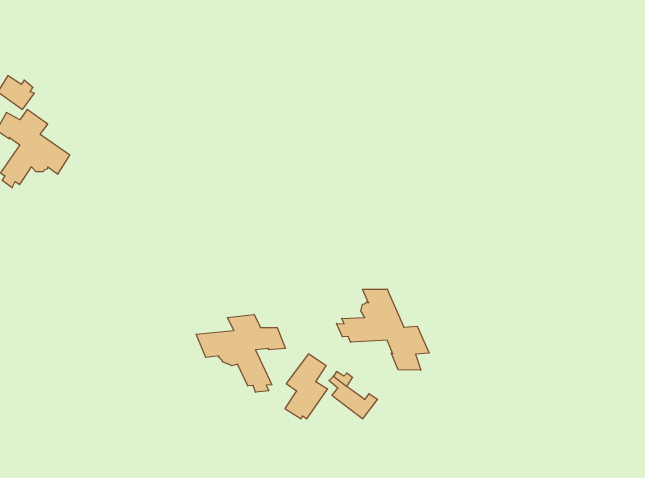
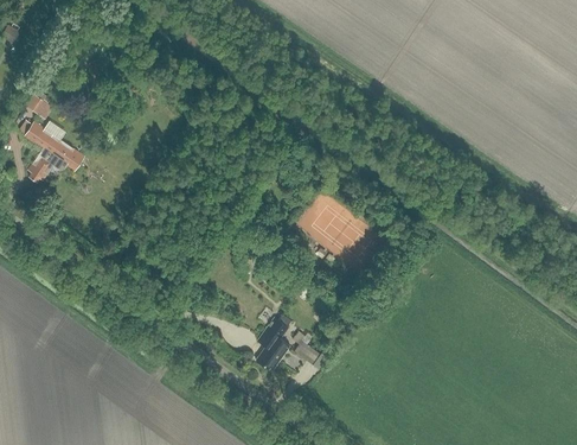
building: [337,289,429,370] -> none
building: [196,314,285,392] -> none

